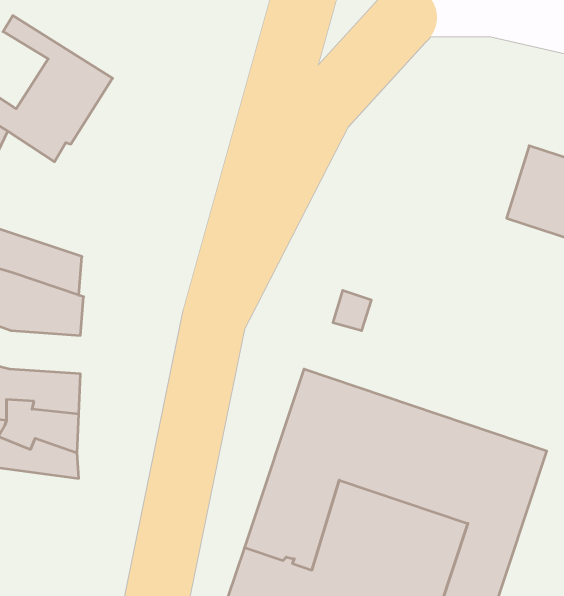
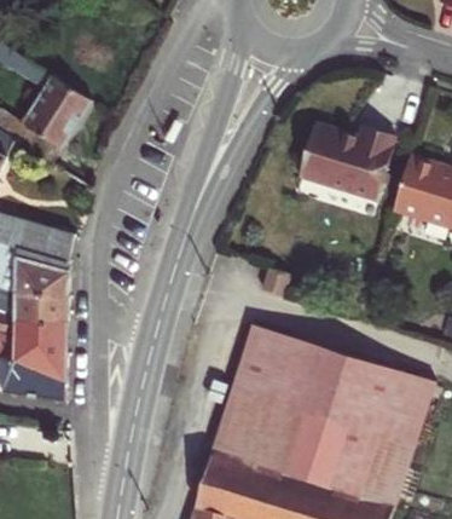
building: none -> [300,119,396,195]
building: none -> [21,293,74,325]

